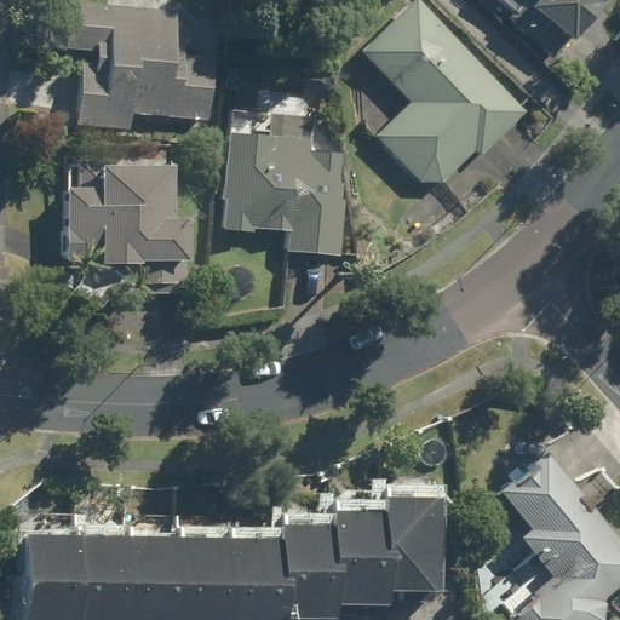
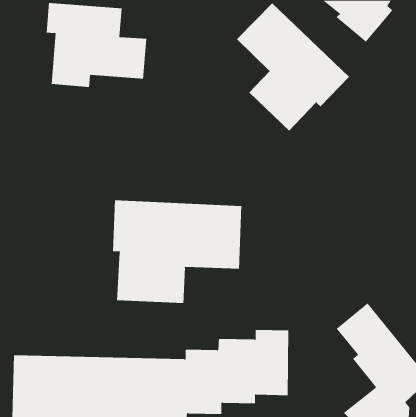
building: [228,114,345,256] -> none
building: [69,162,197,293] -> none
building: none -> [112,200,242,304]

